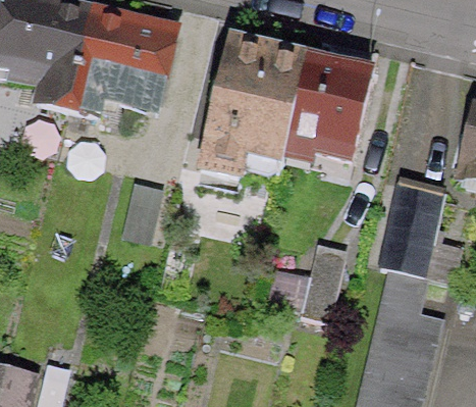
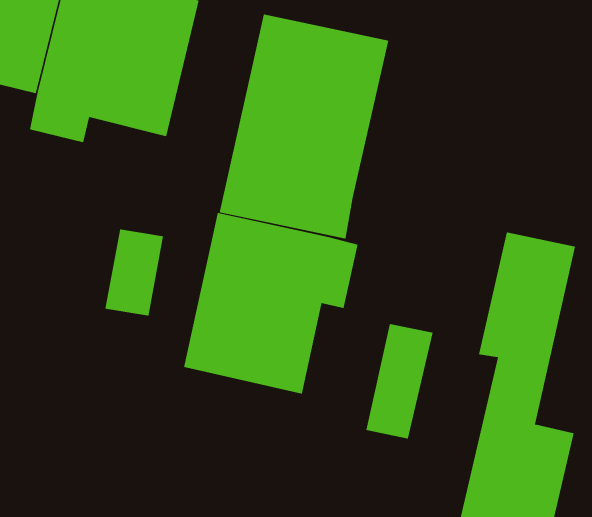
building: [290,50,379,172] -> none
building: none -> [183,212,358,395]

